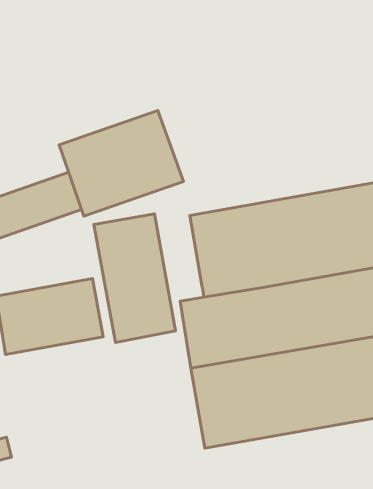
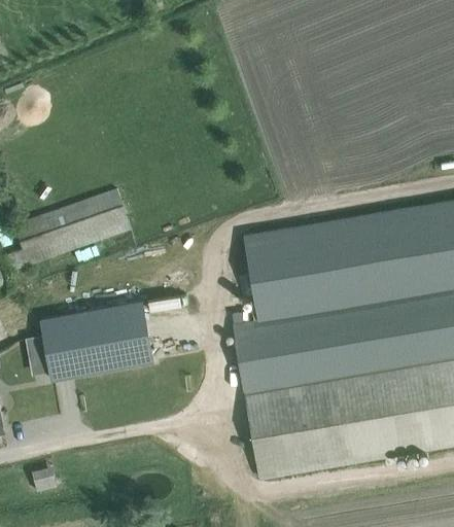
building: [59,111,183,216] -> none
building: [94,214,176,342] -> none

